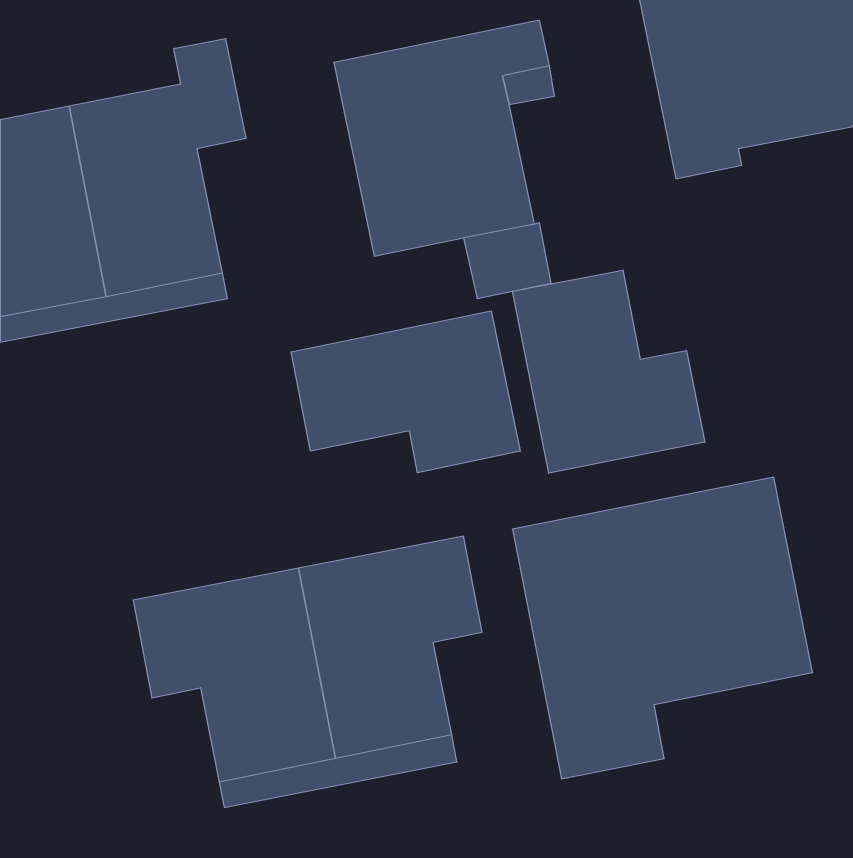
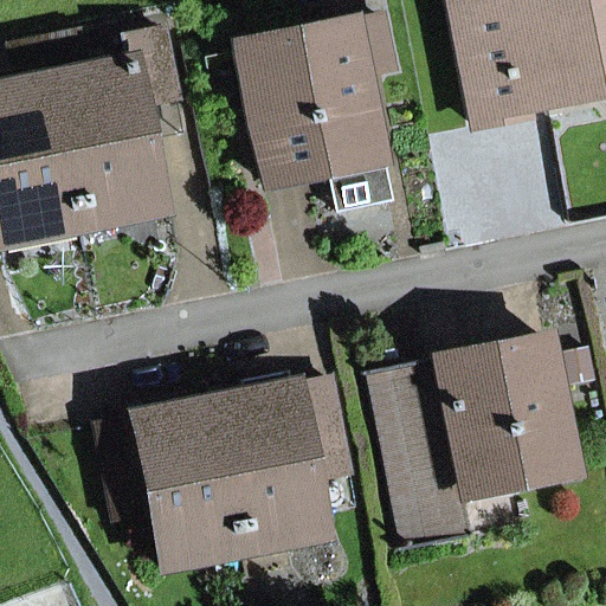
building: [513,270,705,473] -> none
building: [291,311,520,473] -> none

